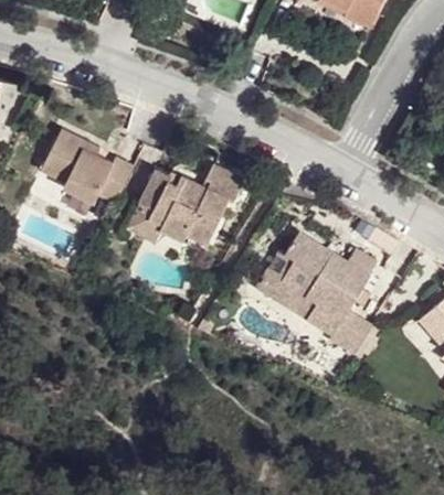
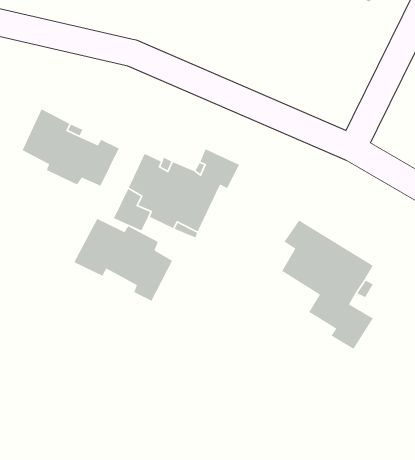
building: none -> [73,218,173,302]
building: [258,249,320,319] -> none

